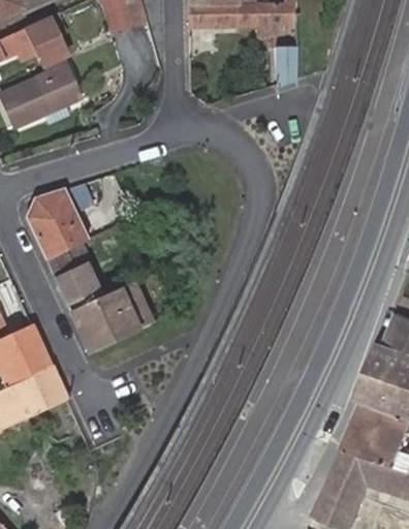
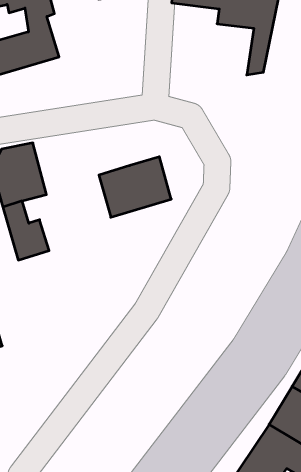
building: [68,281,146,350] -> [99,157,171,217]

